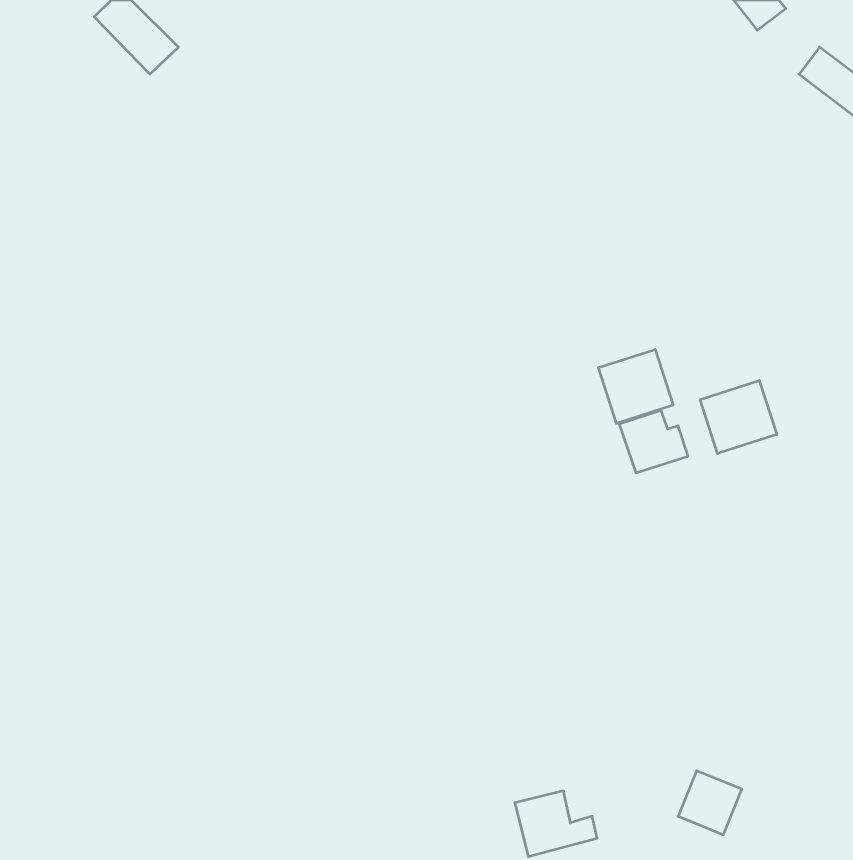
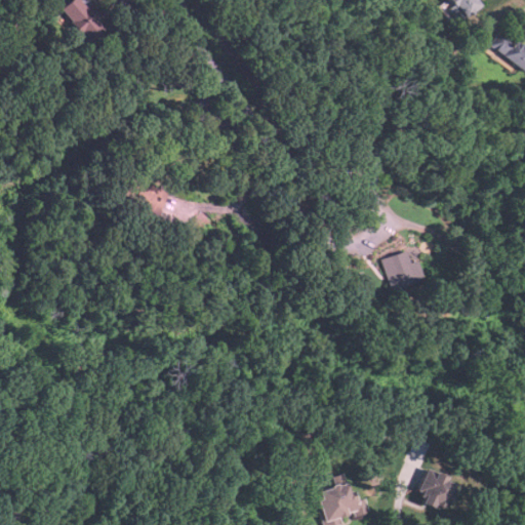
building: [598,349,673,423] -> none
building: [700,380,777,454] -> none

